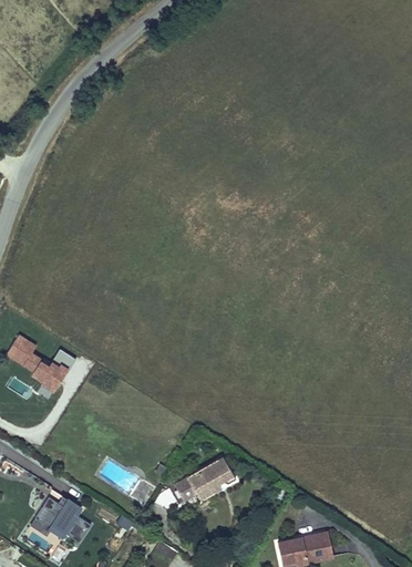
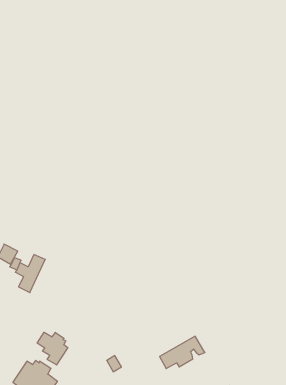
building: [174,456,236,501] -> [160,336,205,369]
building: none -> [37,332,68,365]

